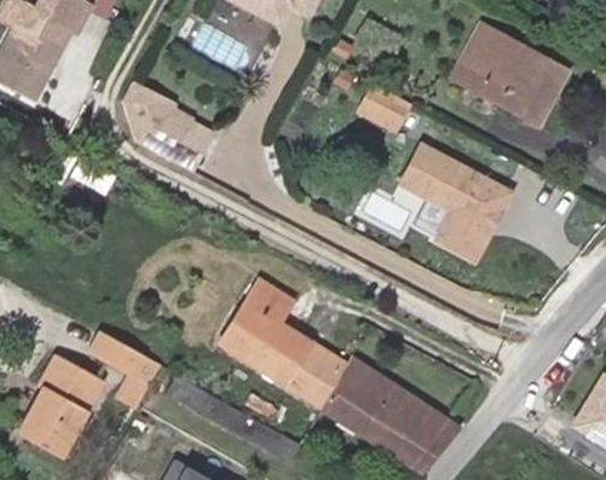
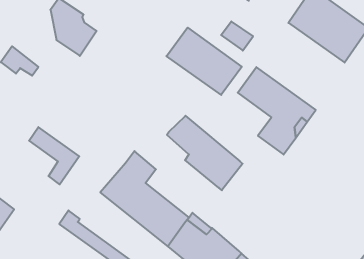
building: none -> [166,28,242,95]
building: none -> [167,116,243,190]
building: [85,328,157,404] -> [29,127,79,184]

